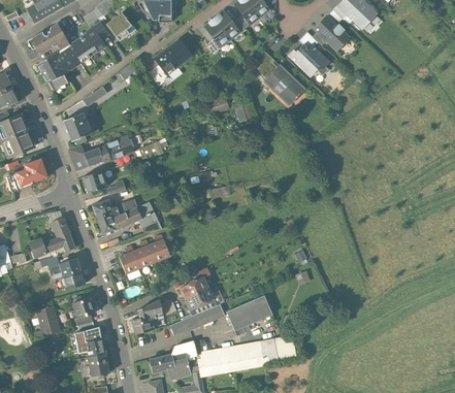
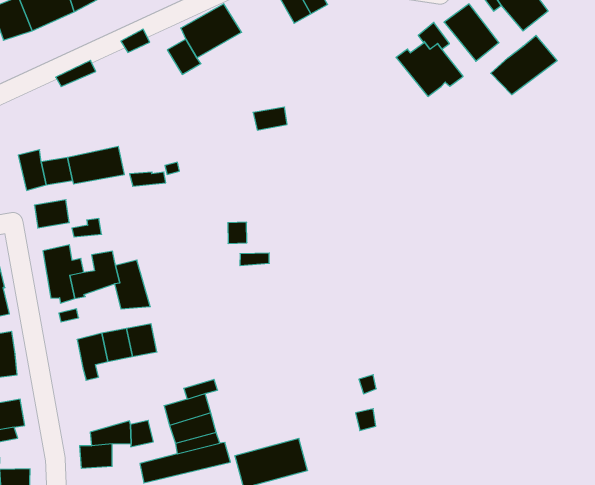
building: none -> [491,35,557,95]
building: [263,65,304,106] -> none
building: [65,112,92,140] -> none

